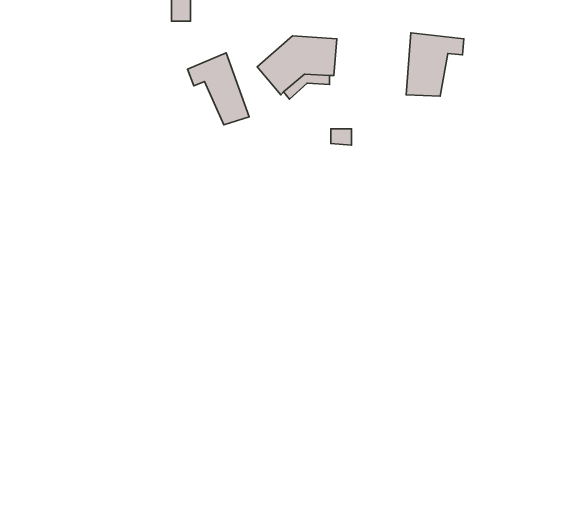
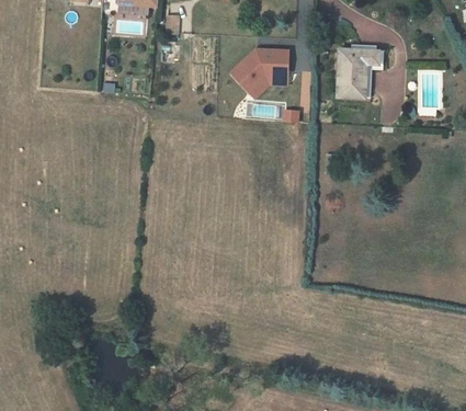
building: [188,53,249,125] -> none

